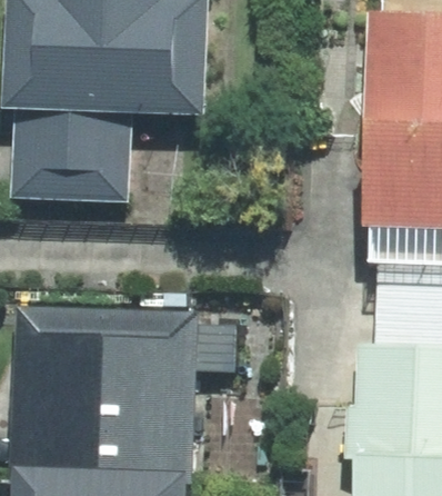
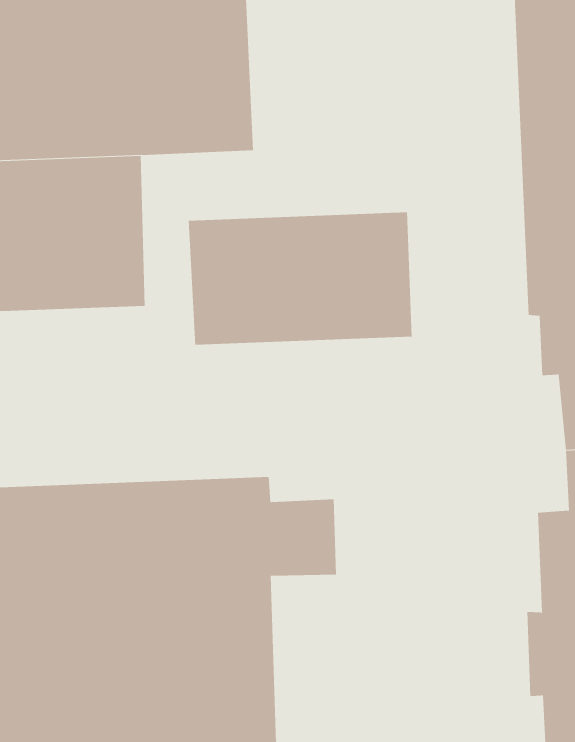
building: none -> [188,212,412,346]

